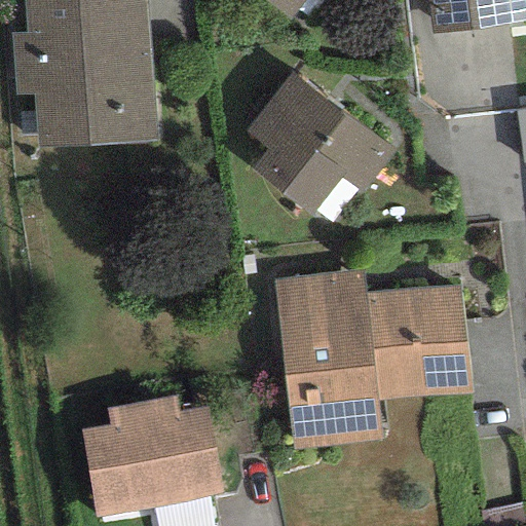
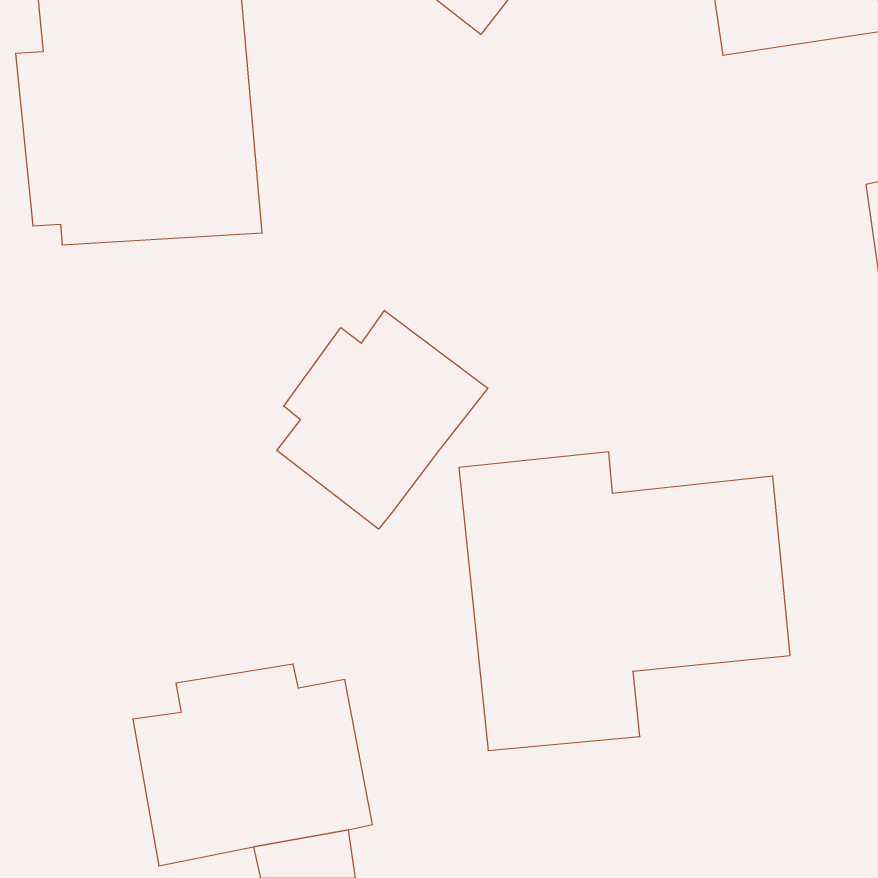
building: [243,69,396,215] -> none
building: none -> [277,310,488,529]

